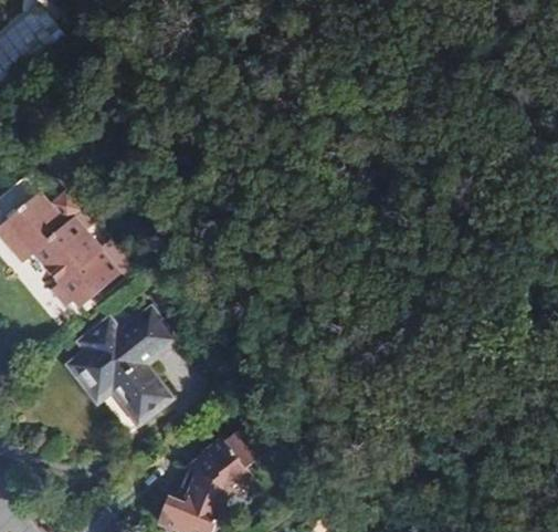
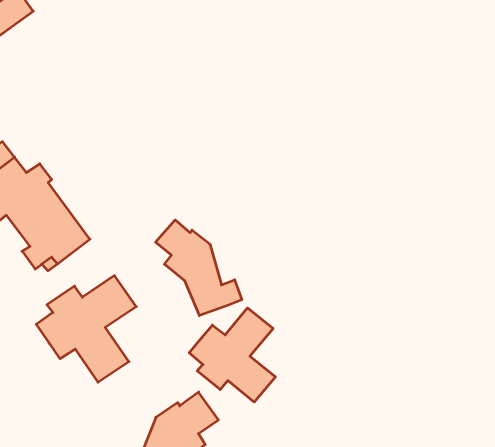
building: none -> [156,220,242,316]
building: none -> [189,308,275,402]

